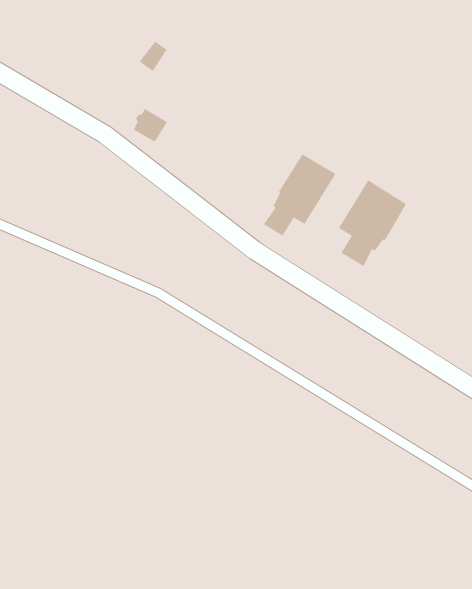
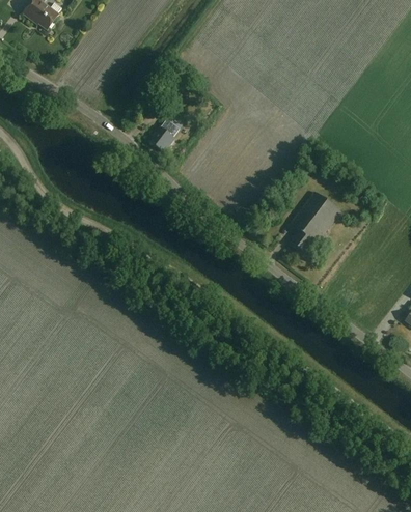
building: [263,154,336,237] -> none

